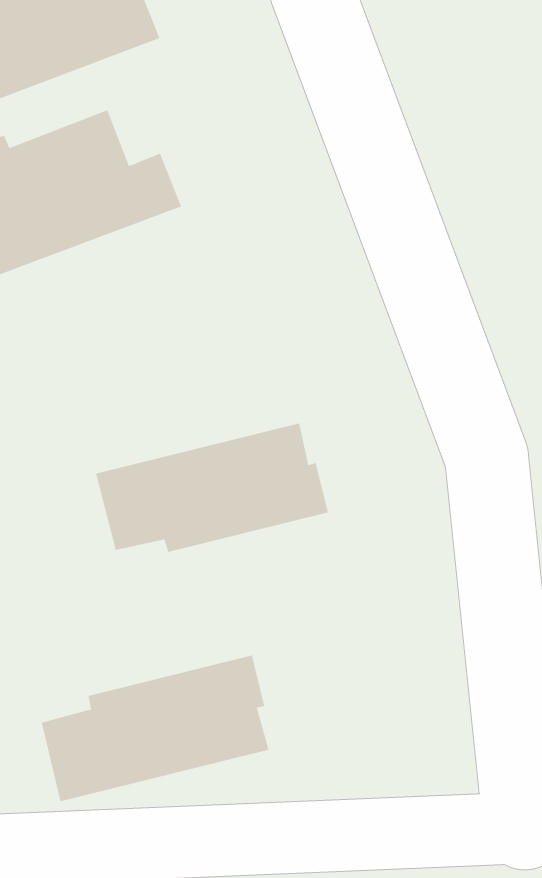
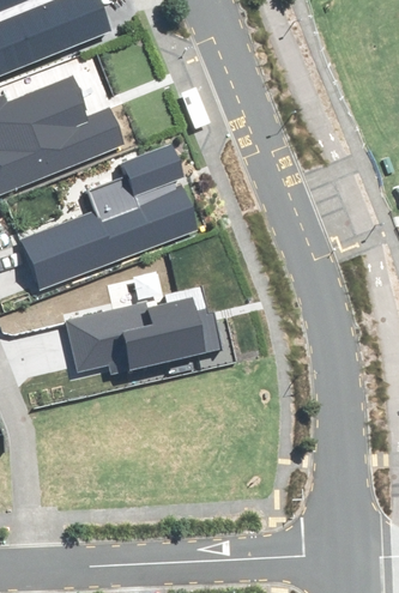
building: none -> [25,145,198,285]
building: [41,655,270,802] -> none

